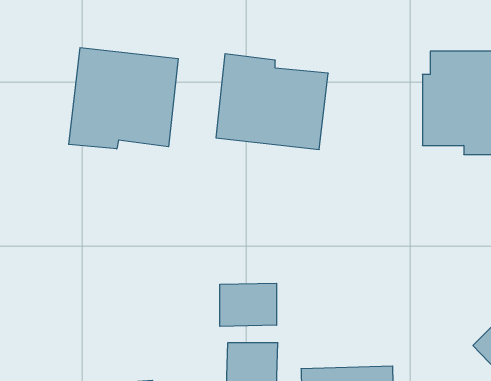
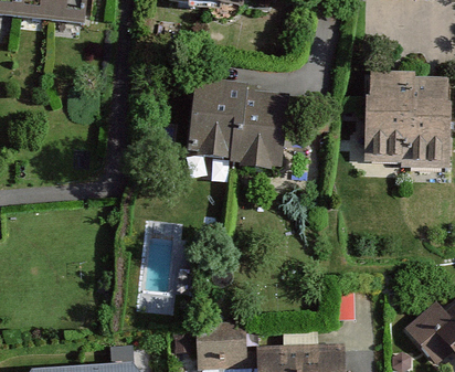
building: [69,48,178,149] -> none
building: [220,283,277,326] -> none

